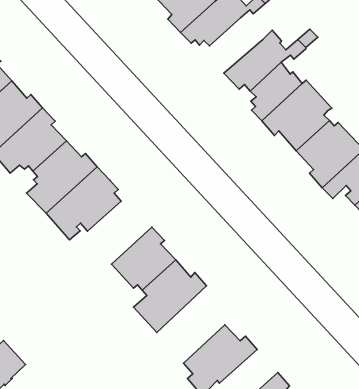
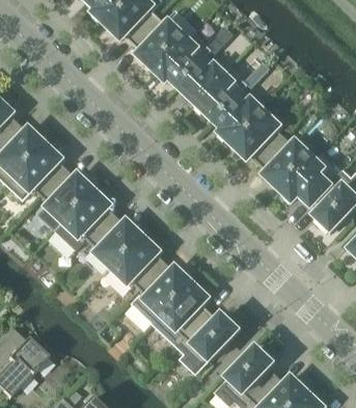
building: none -> [181,57,224,104]
building: none -> [90,216,143,269]
building: none -> [154,281,210,347]

